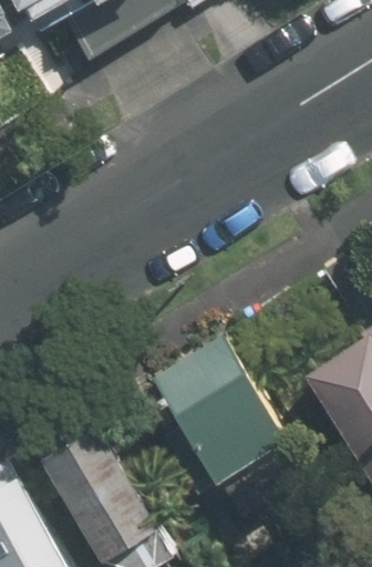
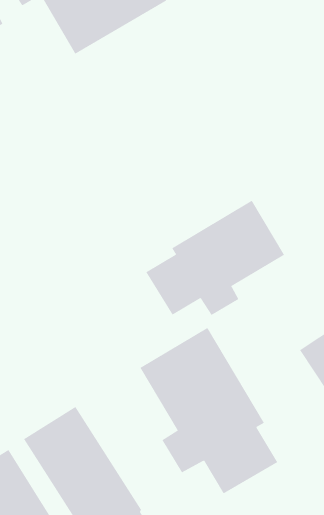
building: none -> [146,200,285,316]

